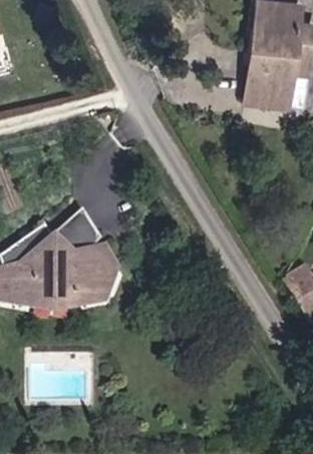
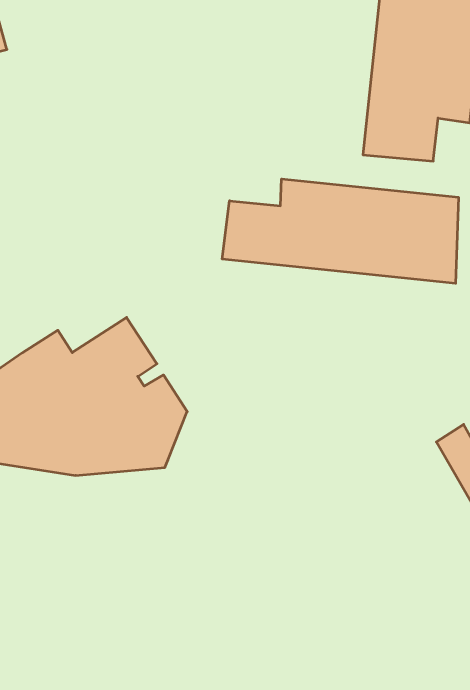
building: none -> [222,179,458,283]

